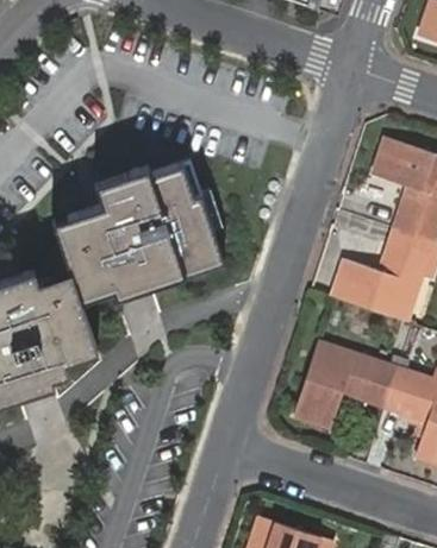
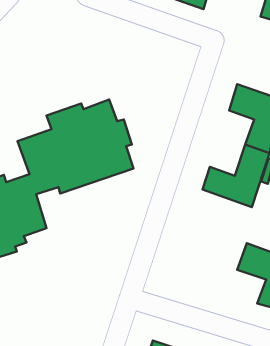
building: [292,345,398,432] -> none

